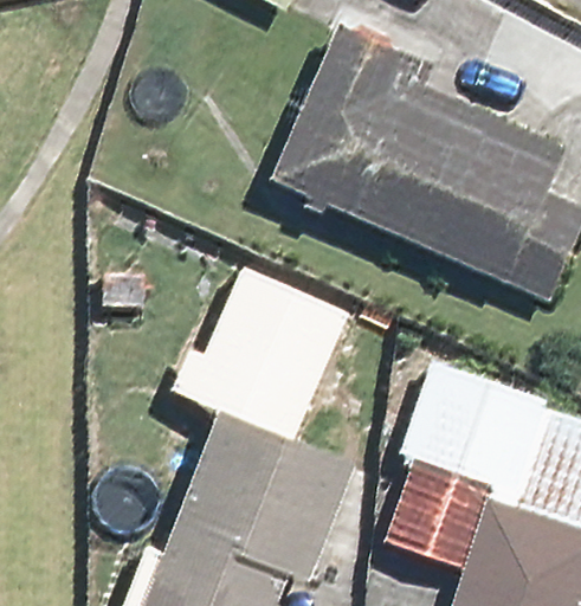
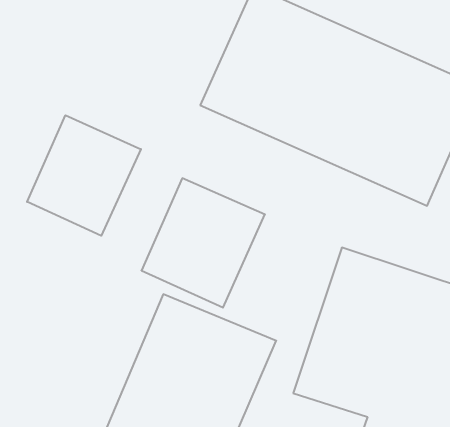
building: none -> [27,115,141,236]

